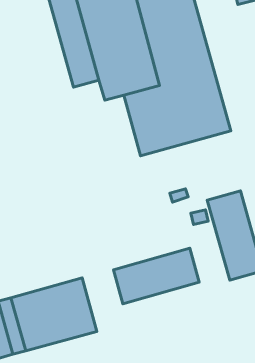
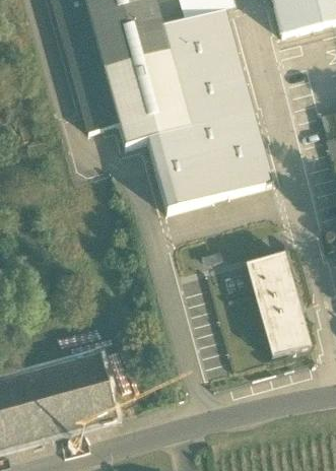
building: [114,248,199,304] -> none

